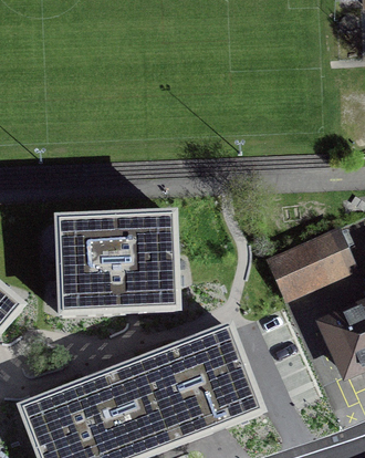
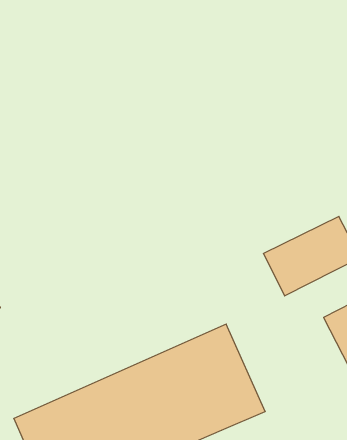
building: [58,217,176,310] -> none

